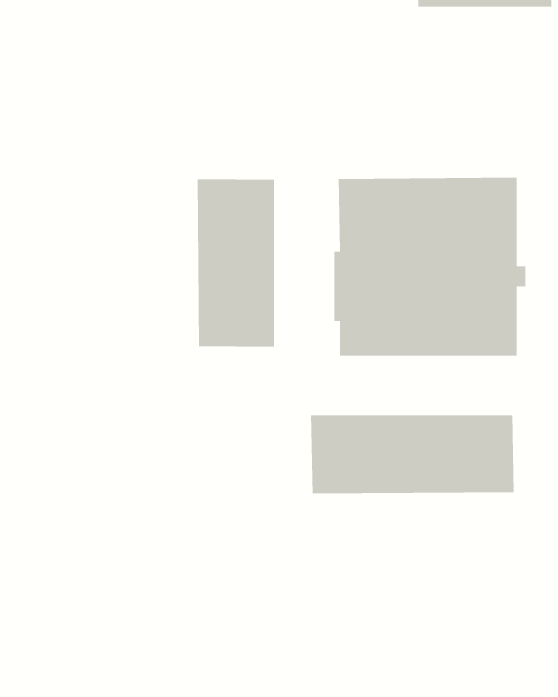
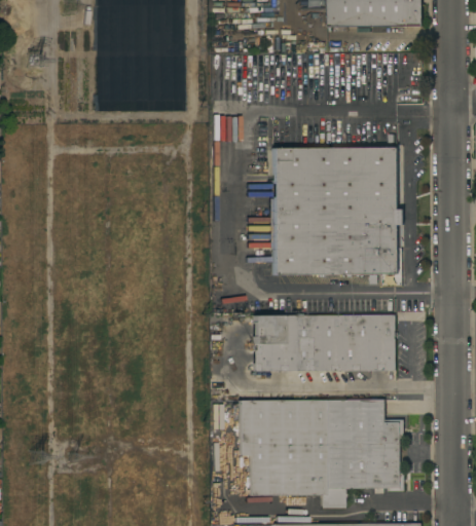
building: [197,179,275,348] -> none
building: none -> [234,399,406,508]

